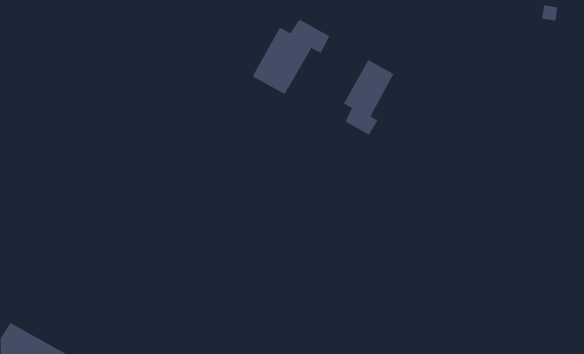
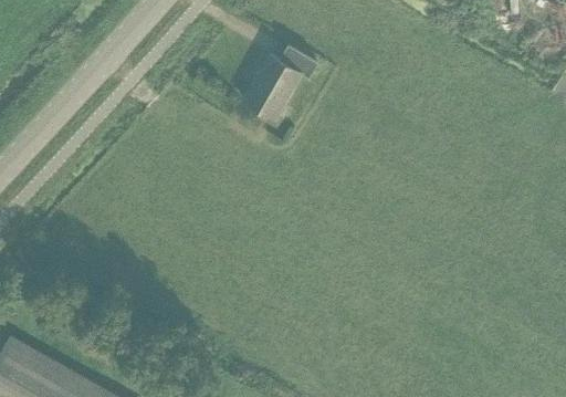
building: [343,59,394,136] -> none

